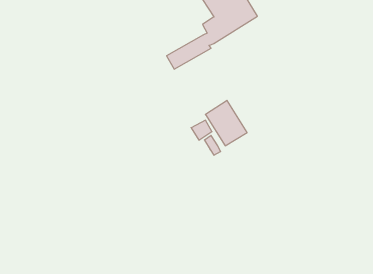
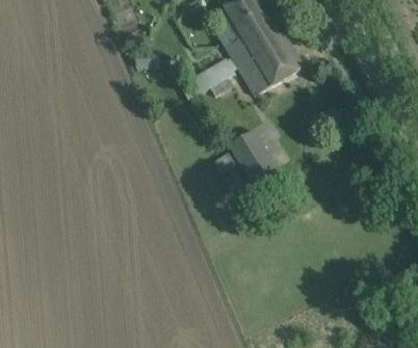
building: none -> [237,36,302,95]

